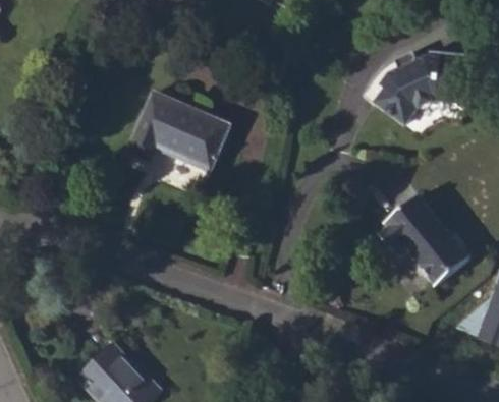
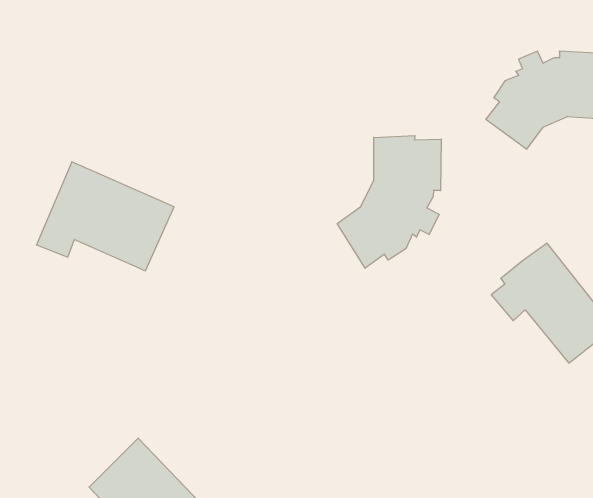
building: [126,91,229,172] -> [36,162,174,271]
building: none -> [337,136,441,268]

